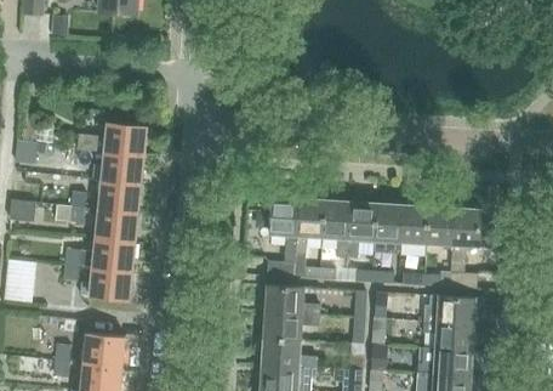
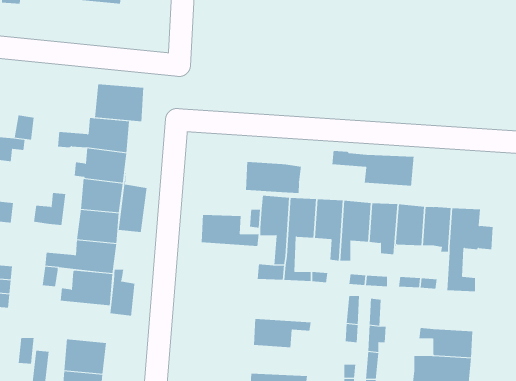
building: none -> [94,83,144,122]
building: none -> [332,150,414,187]
building: none -> [246,161,301,194]
building: none -> [118,172,147,233]
building: none -> [110,269,135,316]
building: [266,287,321,317] -> [201,215,259,246]
building: [423,295,484,325] -> none
building: [262,339,318,368] -> none

